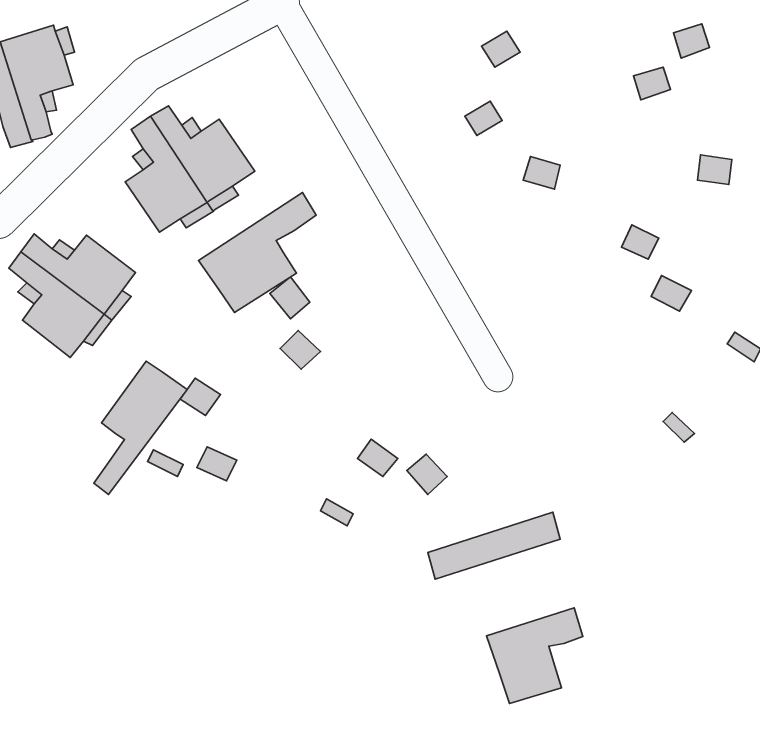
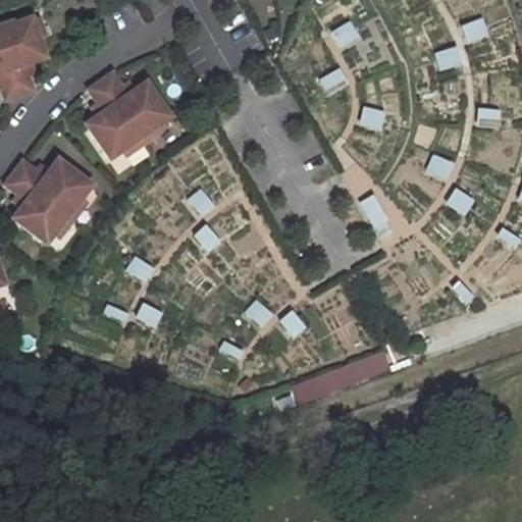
building: [199,193,316,313] -> none
building: [94,361,187,494] -> none
building: [486,608,583,704] -> none

